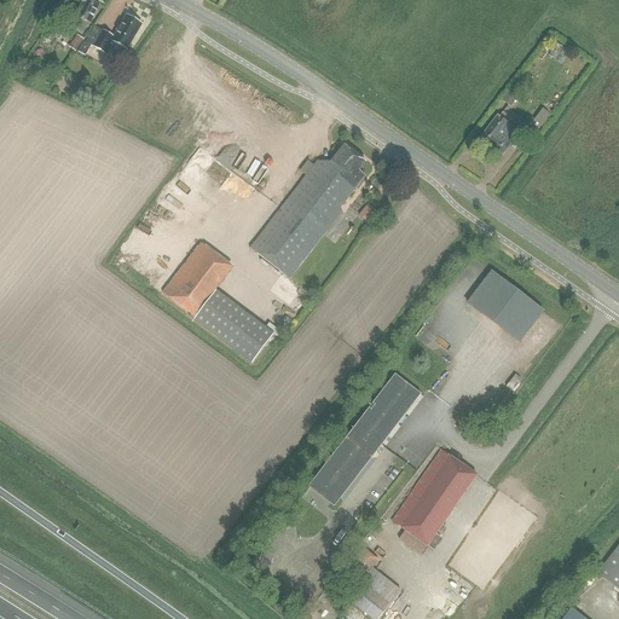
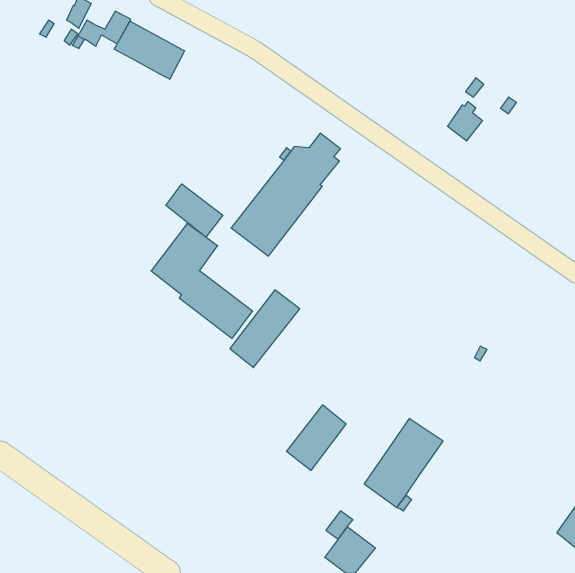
building: none -> [114,21,185,79]
building: none -> [166,184,223,237]
building: [467,271,540,340] -> none
building: [347,371,422,455] -> [230,290,300,368]

